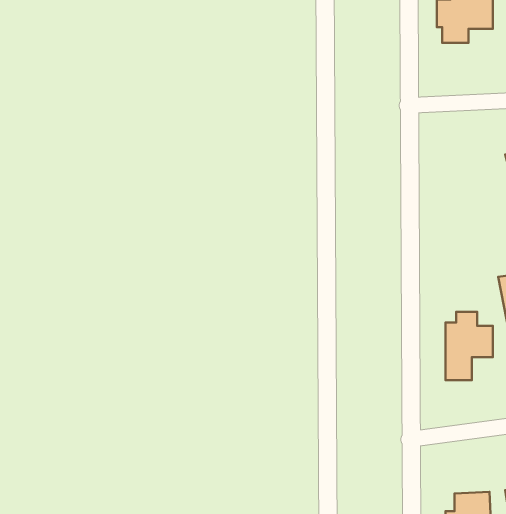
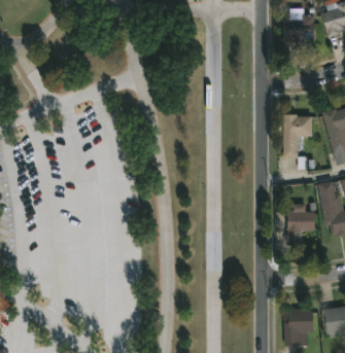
building: none -> [282,113,311,169]

